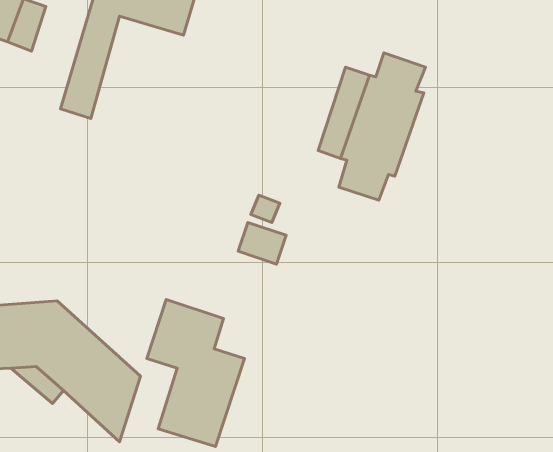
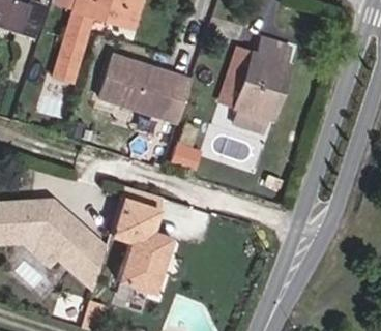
building: none -> [99,55,192,122]

